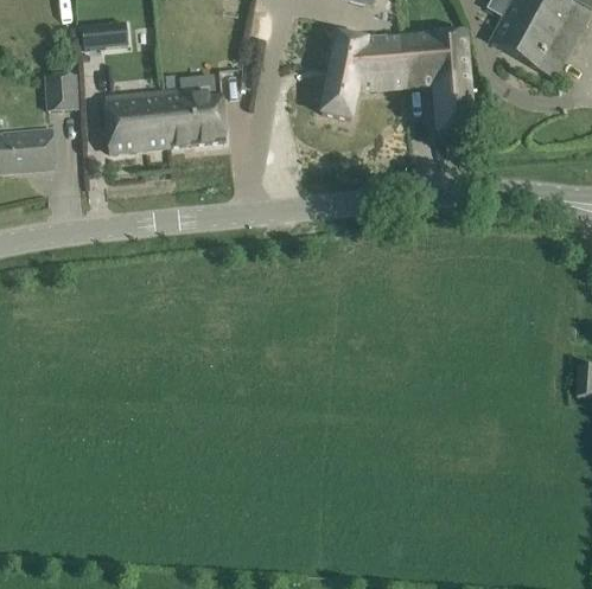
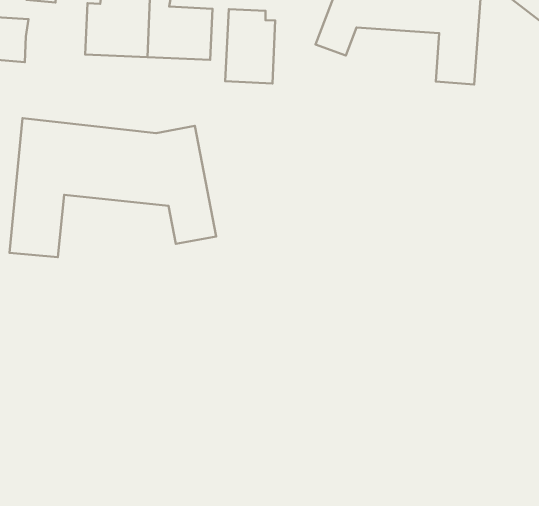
building: none -> [225,9,275,83]
building: none -> [9,118,216,257]

